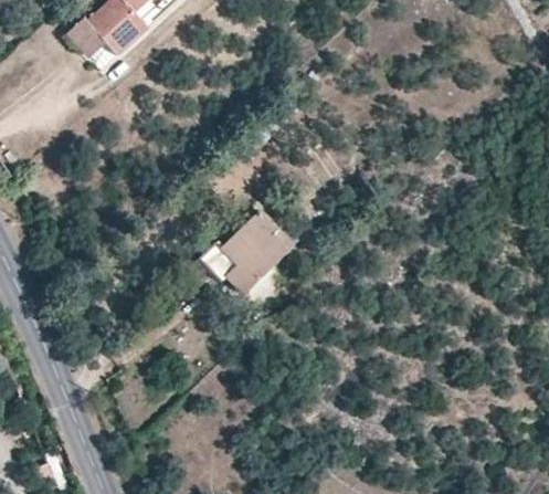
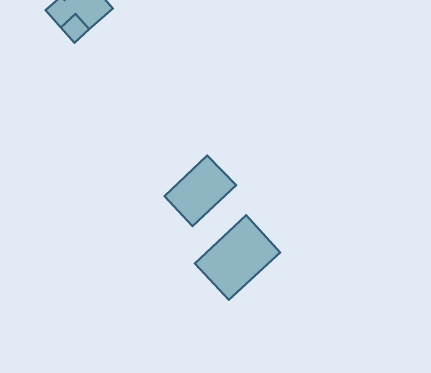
building: none -> [195,215,280,300]

